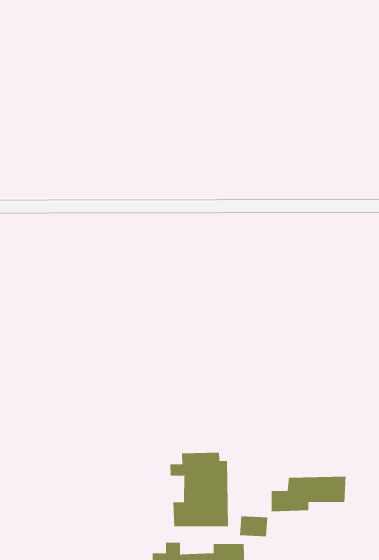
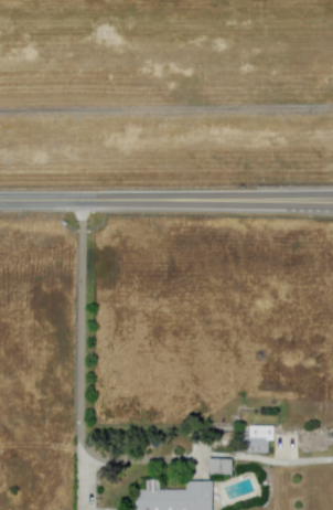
building: [170,452,229,527] -> none

